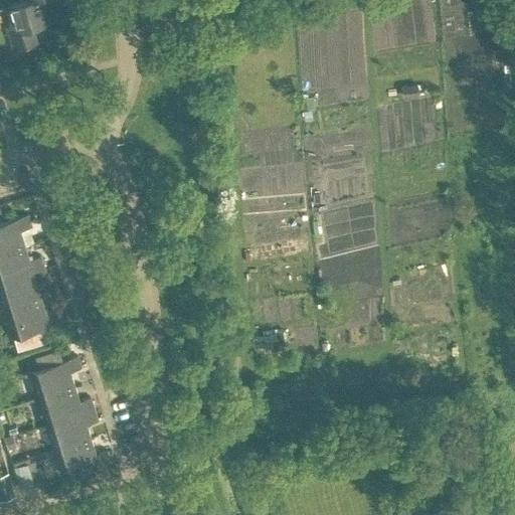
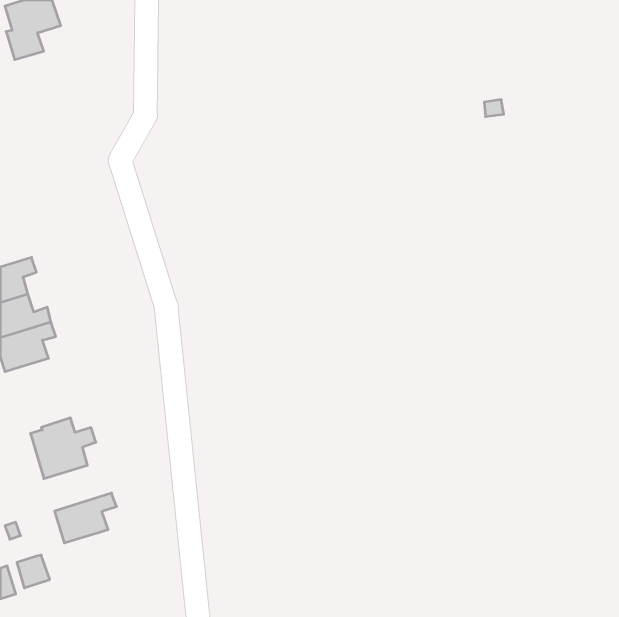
building: [5,300,60,351] -> none
building: [37,388,94,426] -> none
building: [54,442,111,480] -> none

